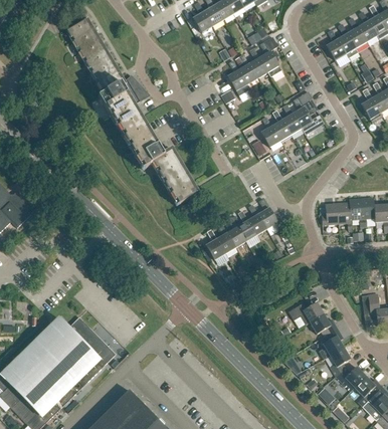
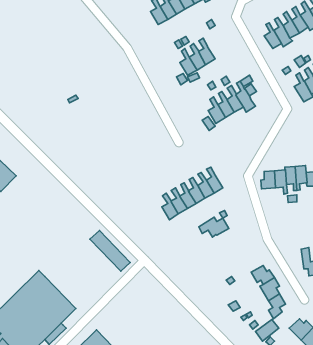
building: [67,20,196,204] -> none
building: [259,37,281,77] -> none
building: [289,300,325,324] -> [199,217,229,237]
building: [69,316,117,364] -> [90,231,130,271]
building: [337,366,367,391] -> none

